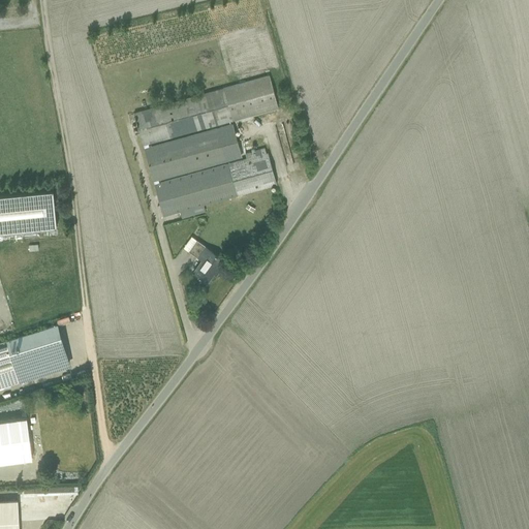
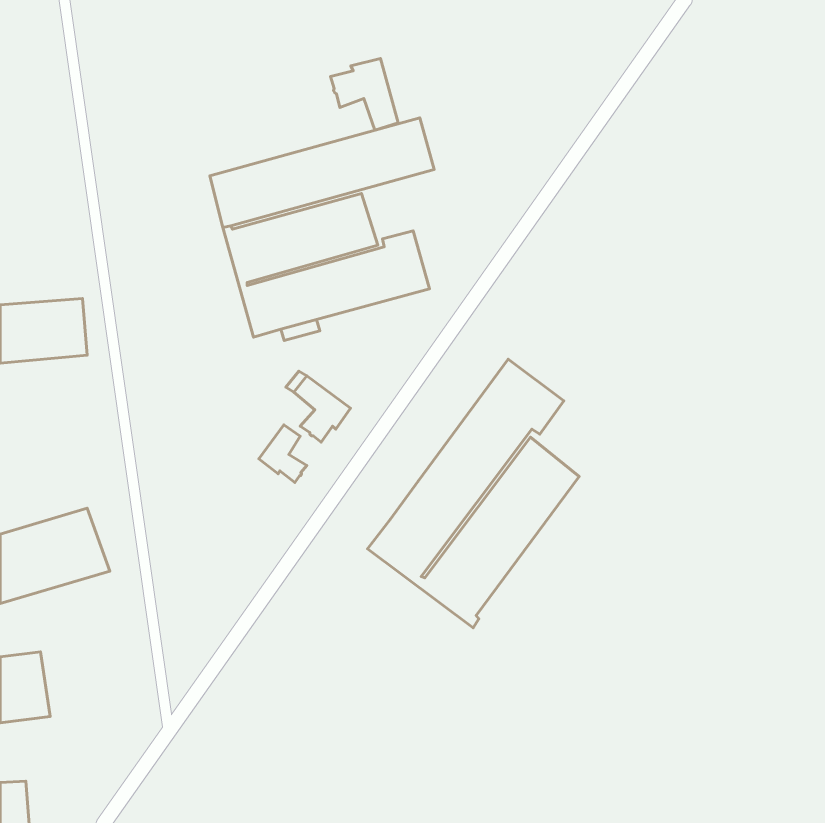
building: none -> [330,59,398,130]
building: none -> [368,359,579,628]
building: none -> [259,425,307,482]

